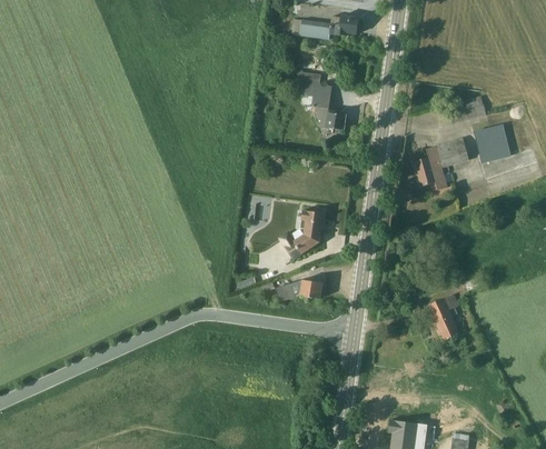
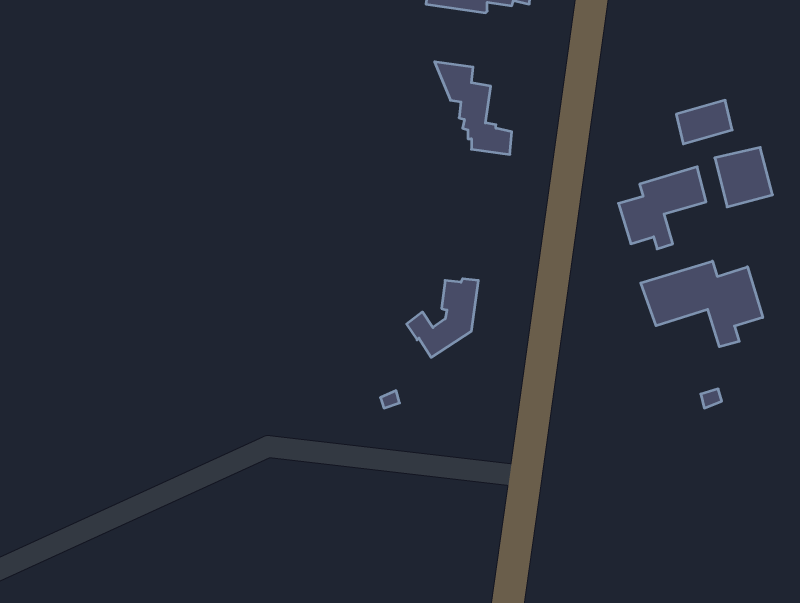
building: none -> [641,261,763,347]
building: [276,280,321,302] -> none
building: [427,293,459,341] -> none

